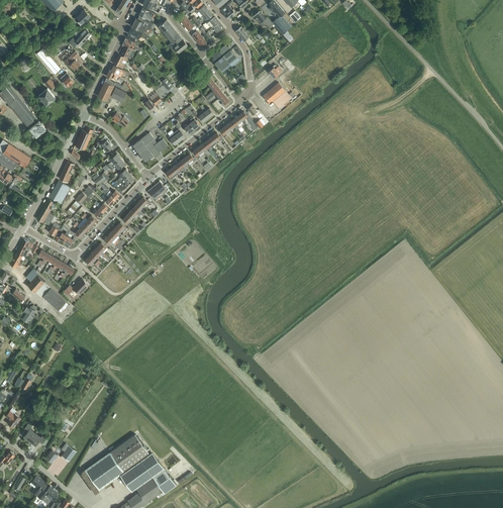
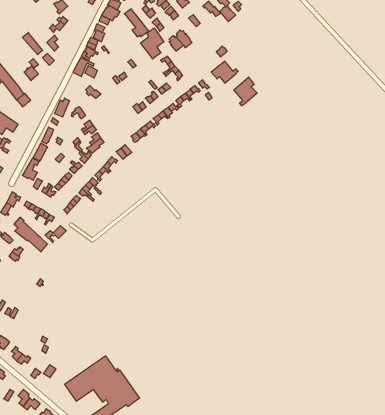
building: none -> [141,28,164,59]
building: none -> [234,77,257,106]
building: [131,133,167,163] -> none

